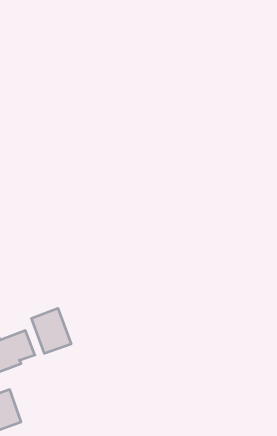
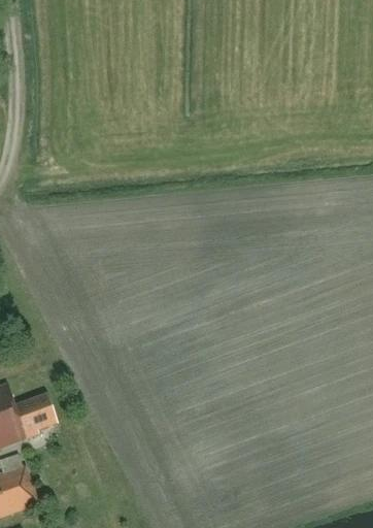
building: [32,308,71,353] -> none

